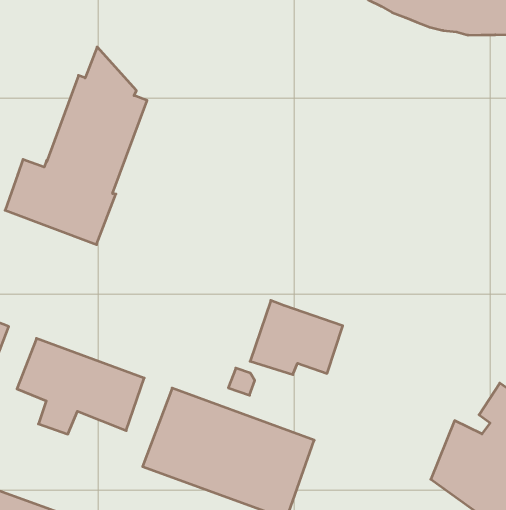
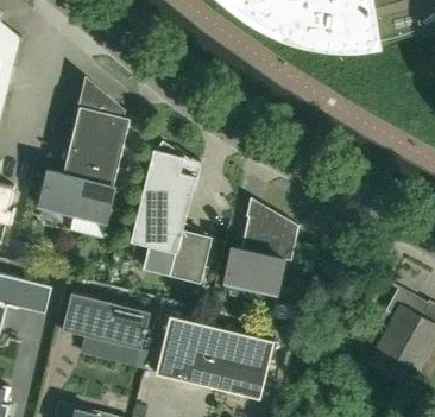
building: none -> [130,144,208,282]
building: none -> [240,204,297,261]

